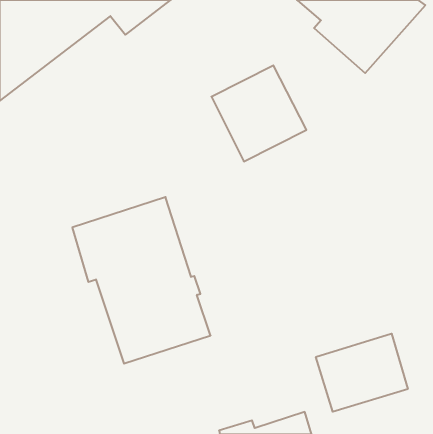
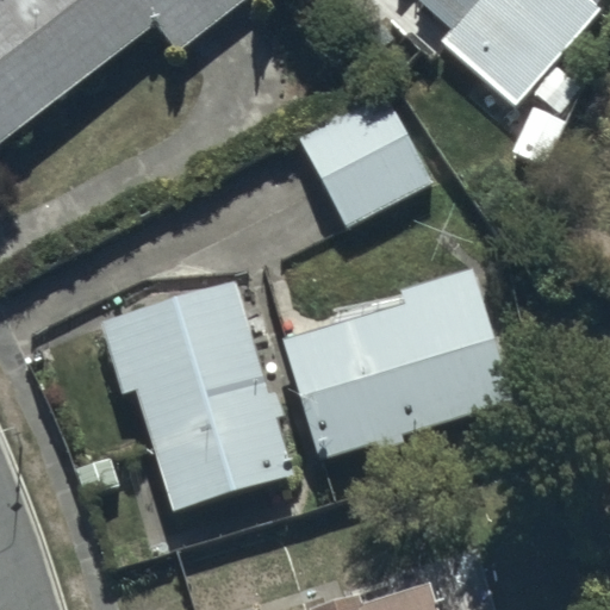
building: none -> [286,267,511,456]
building: [316,334,408,412] -> none

